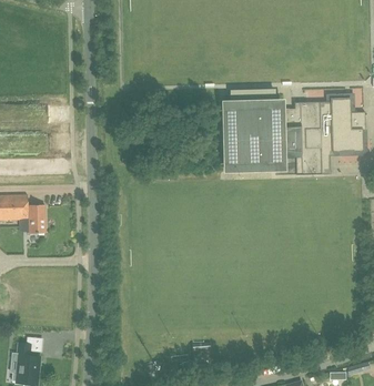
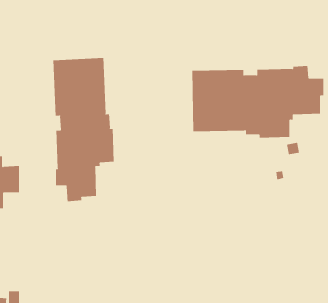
building: none -> [53,57,114,202]

